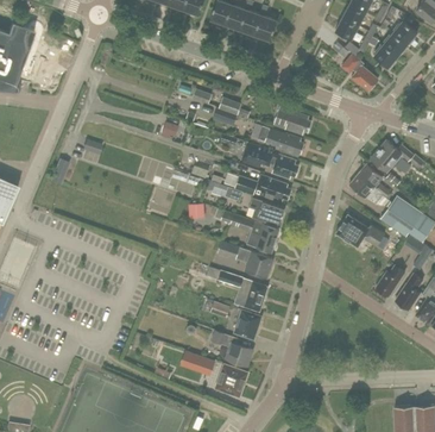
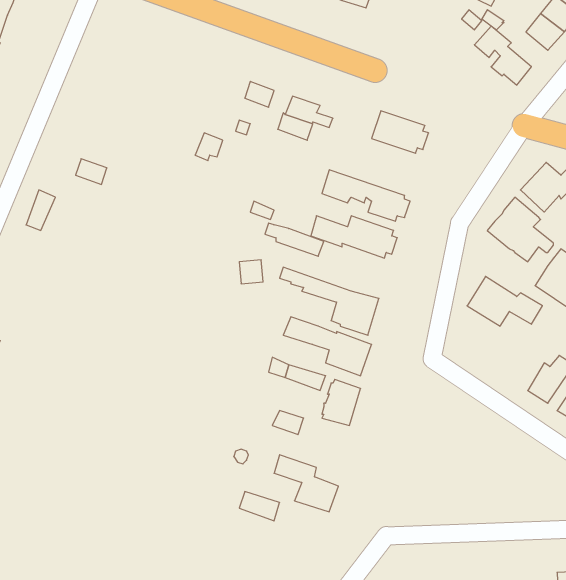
building: [250,124,303,157] -> none
building: [248,198,284,227] -> none
building: [233,309,261,339] -> none
building: [214,364,247,397] -> none

